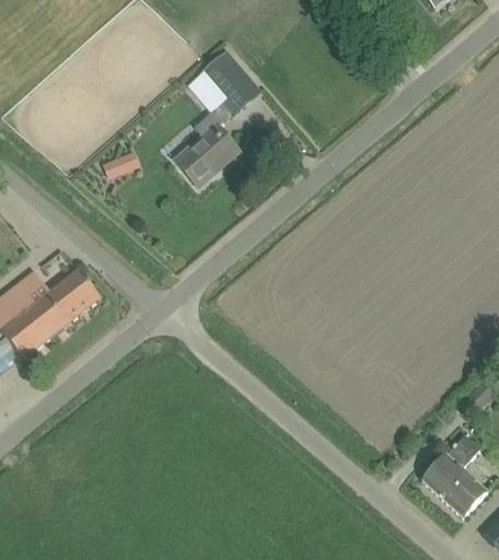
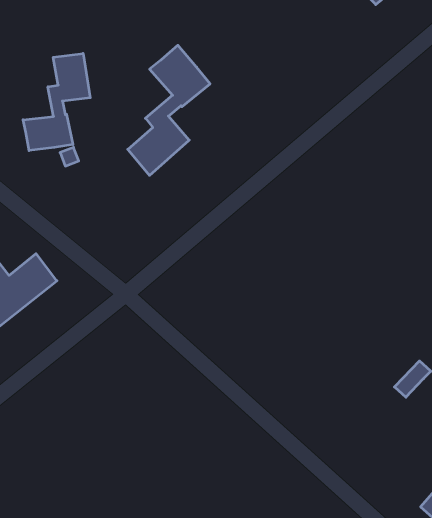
building: none -> [23,53,90,151]
building: [421,436,487,518] -> none

